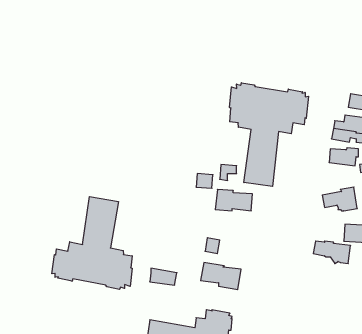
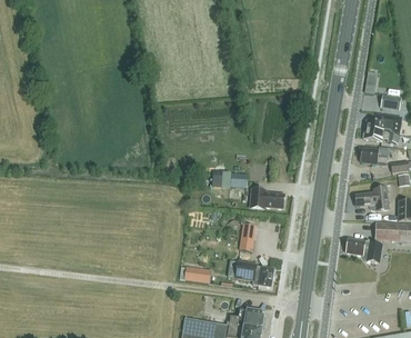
building: [230,83,308,186] -> none
building: [52,197,132,289] -> none

